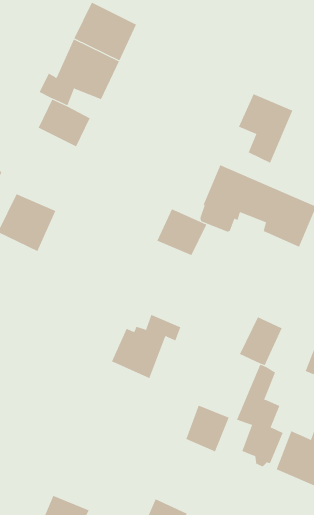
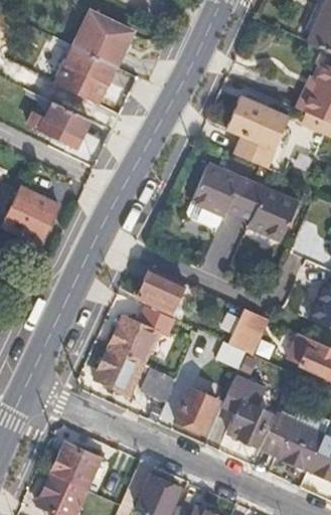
building: [156,208,207,256] -> [136,264,183,308]
building: none -> [94,348,177,401]
building: none -> [52,442,100,487]

